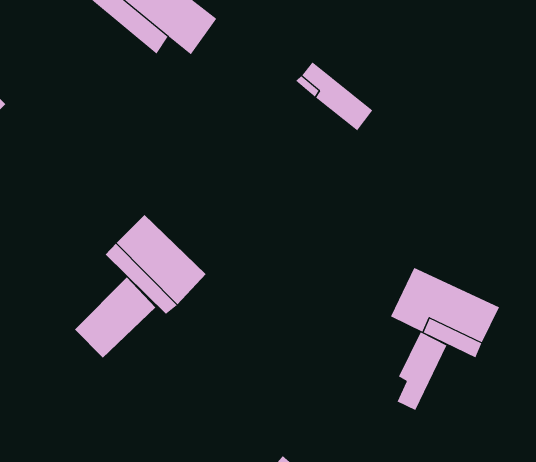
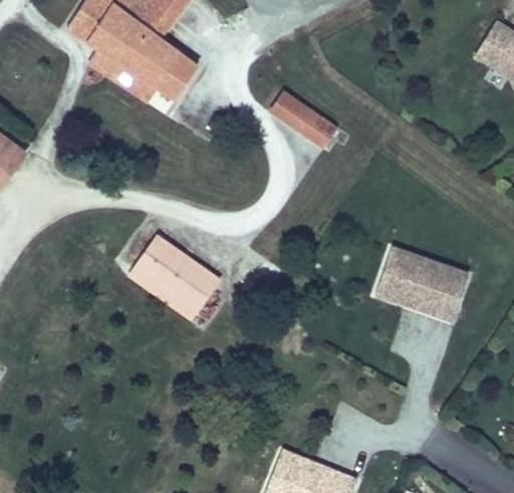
building: [74,276,156,359] -> none
building: [397,332,447,411] -> none

